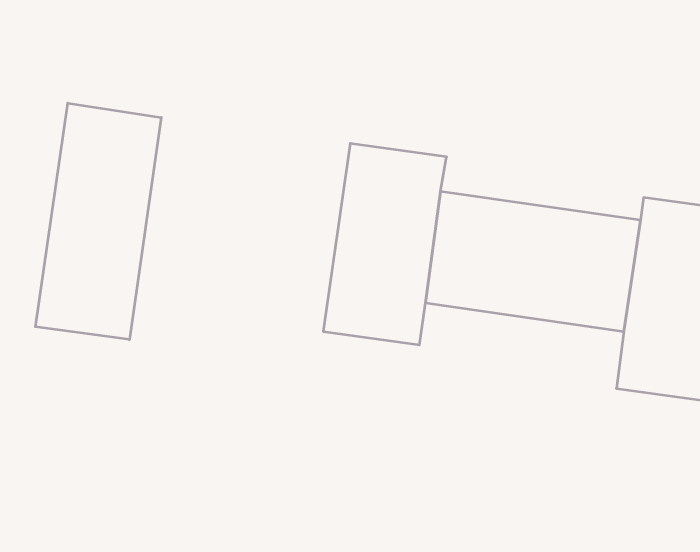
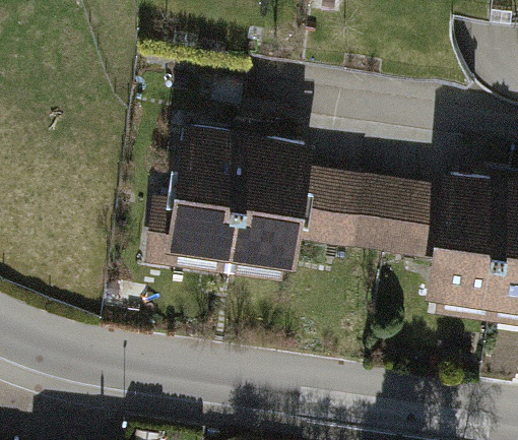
building: [35,103,161,340] -> none
building: none -> [143,128,248,264]

